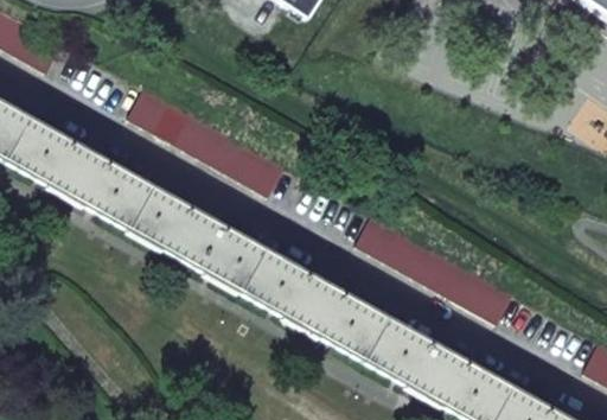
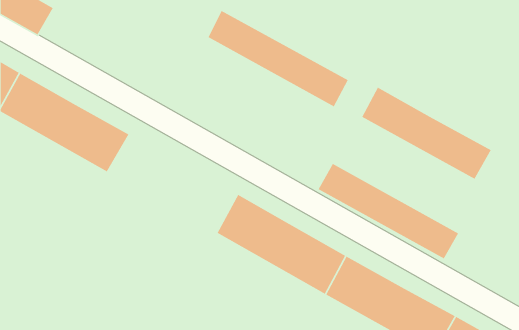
building: [127,87,285,196] -> [207,10,349,108]
building: none -> [361,86,492,180]
building: [120,183,266,293] -> none

